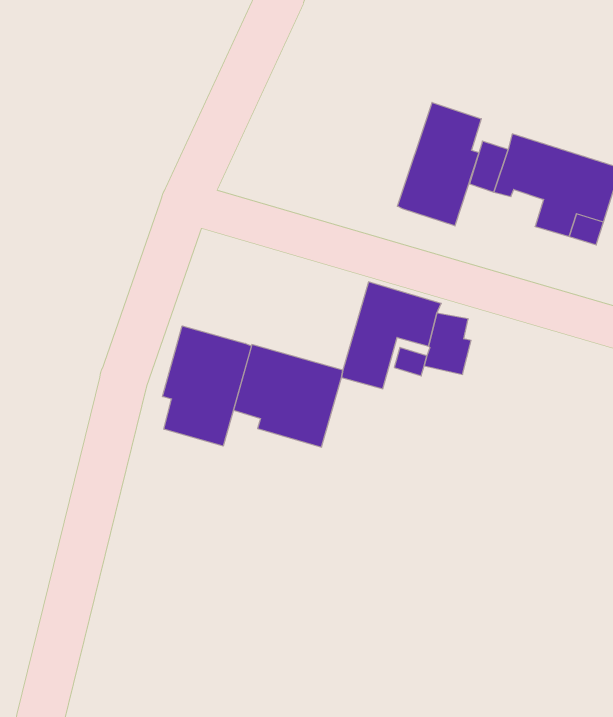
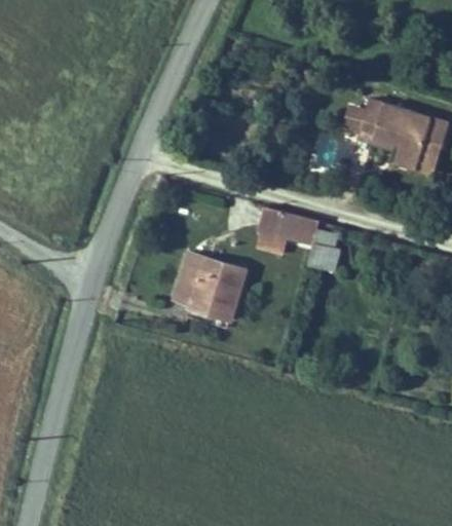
building: [397,102,481,226] -> none
building: [163,326,252,446] -> none

